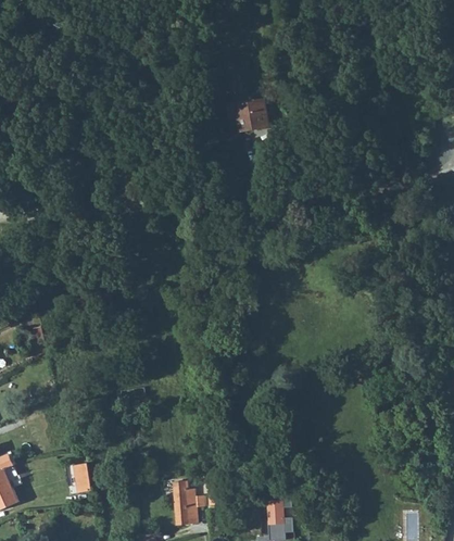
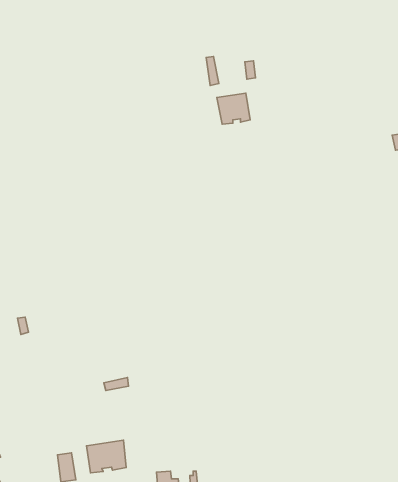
building: none -> [87,440,126,473]

